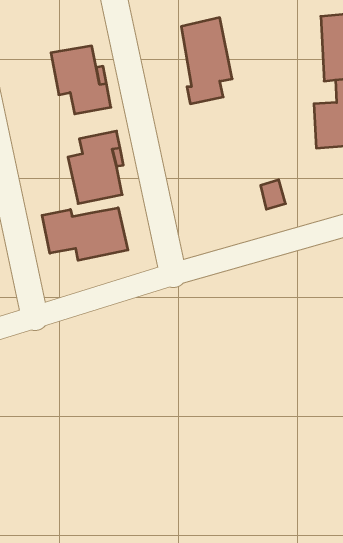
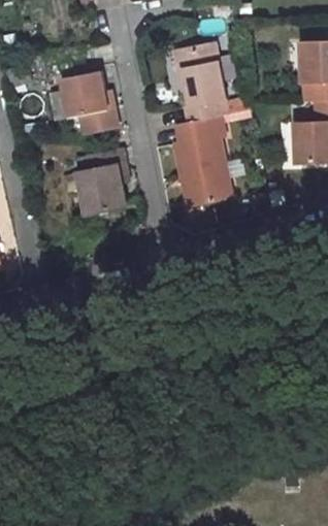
building: none -> [171,117,228,209]
building: [42,208,128,260] -> none

